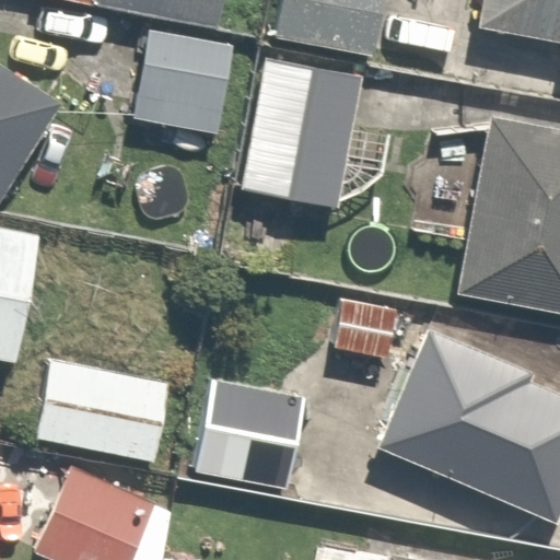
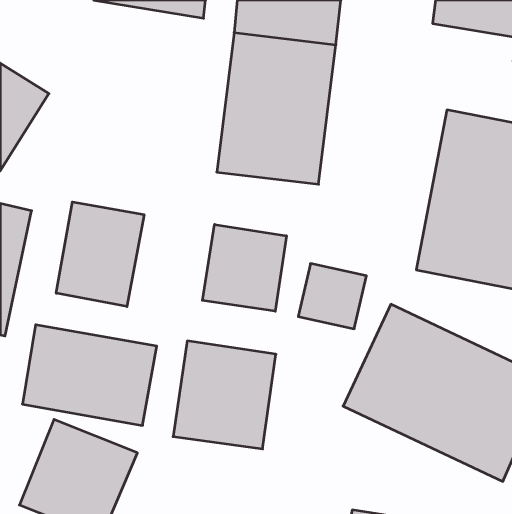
building: [126,21,237,135] -> none
building: none -> [56,202,144,307]
building: none -> [202,224,286,311]

